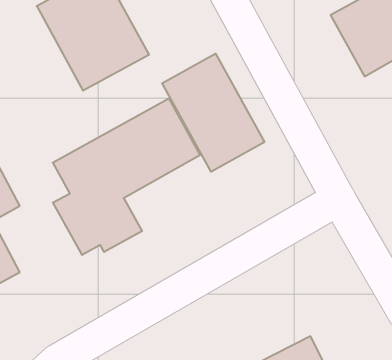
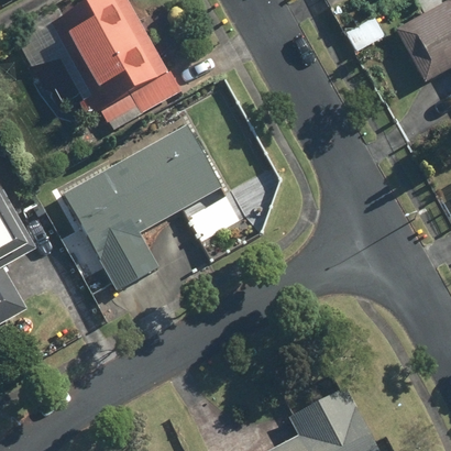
building: [162,54,264,172] -> none

